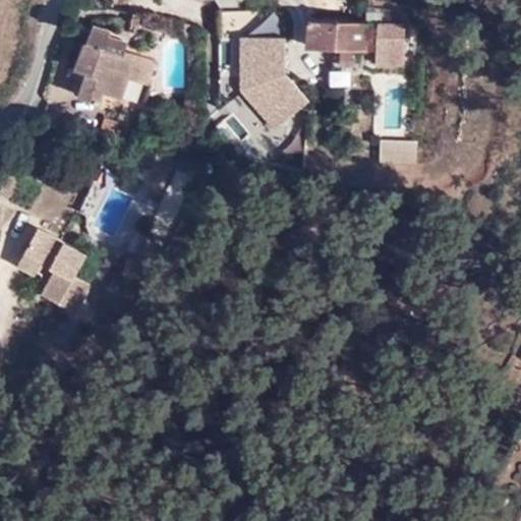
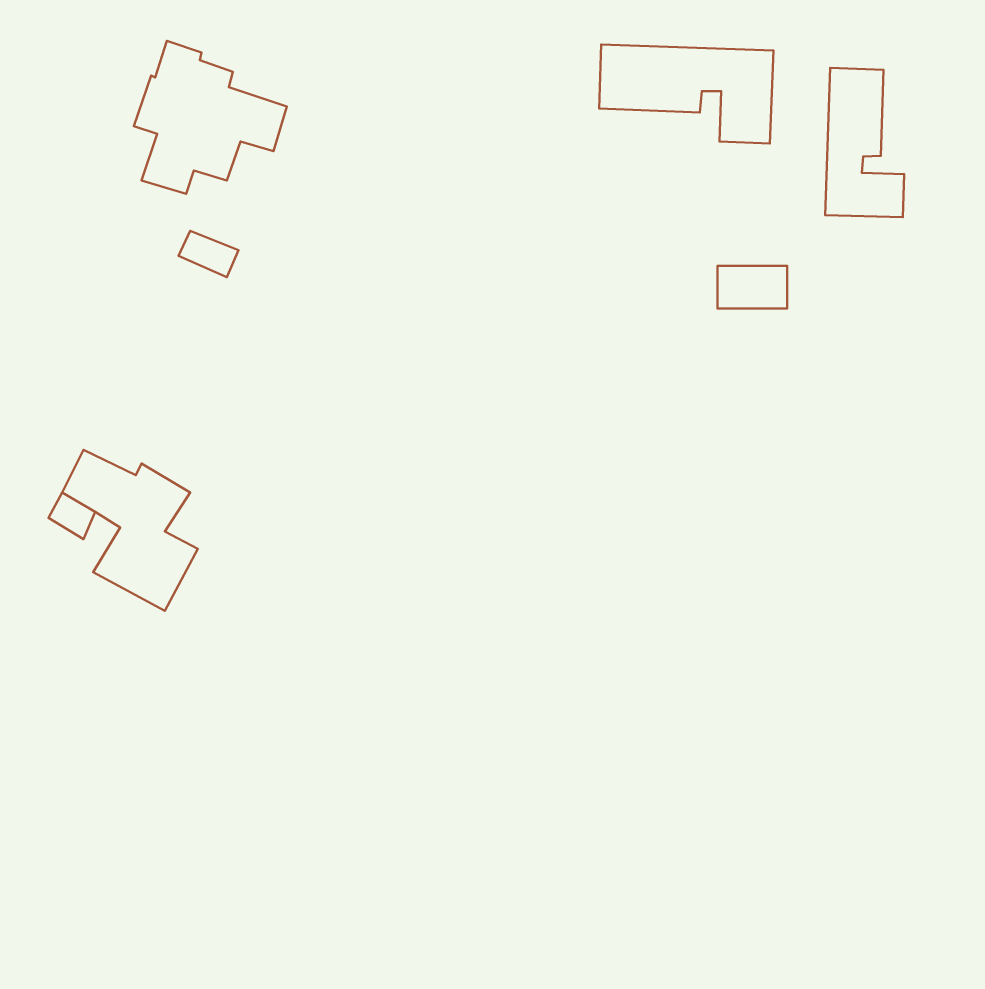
building: [236,32,290,124] -> none
building: none -> [825,68,904,217]

